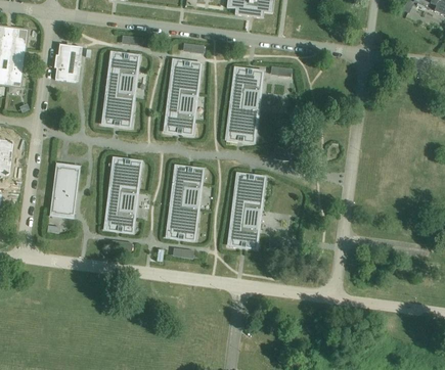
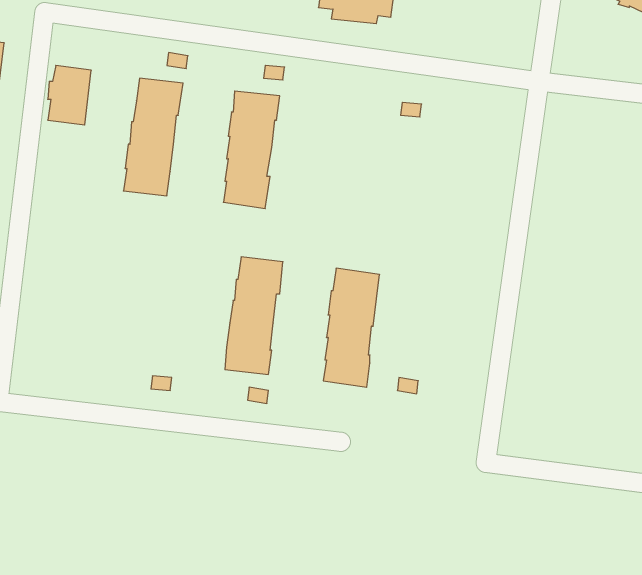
building: [226,66,263,141] -> none
building: [105,156,141,232] -> none
building: [50,165,80,215] -> none

